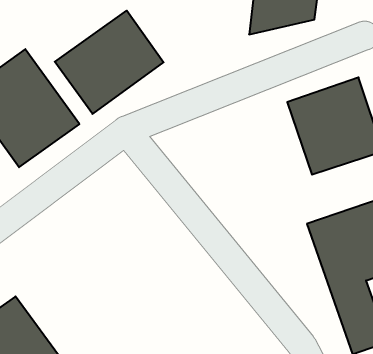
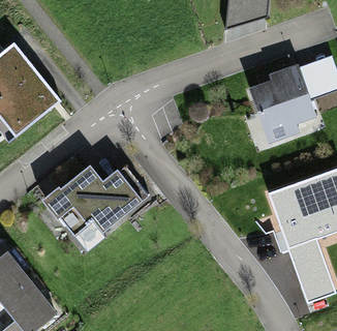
building: [55,11,164,114] -> none
building: none -> [50,163,147,248]

